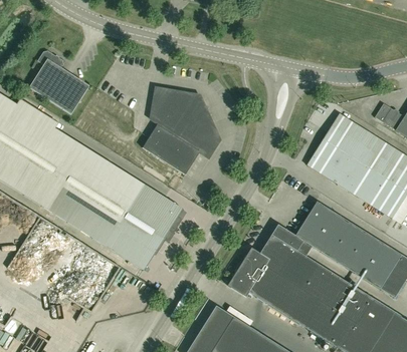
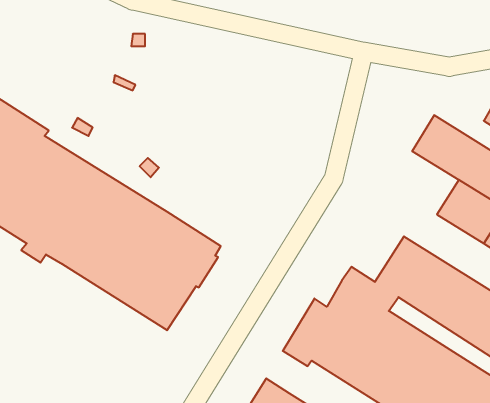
building: [29,50,89,114] -> none
building: [143,88,219,174] -> none
building: [307,139,357,186] -> none

